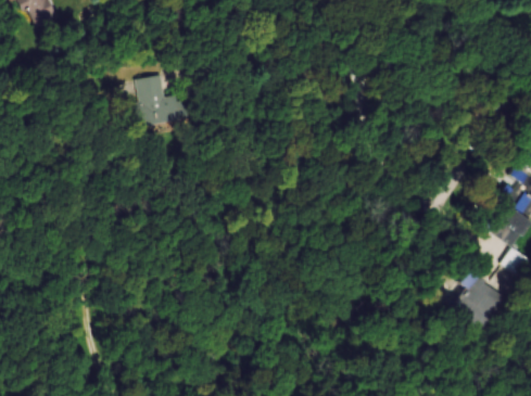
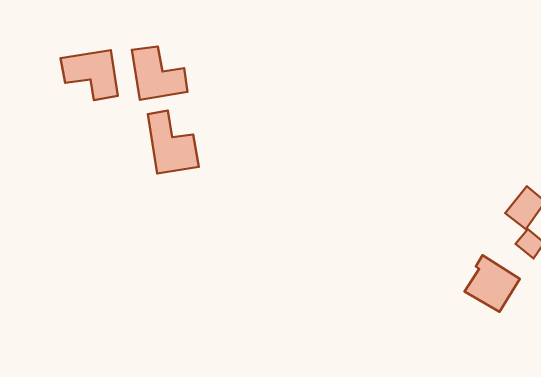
building: none -> [60,50,118,100]
building: none -> [148,110,199,173]

